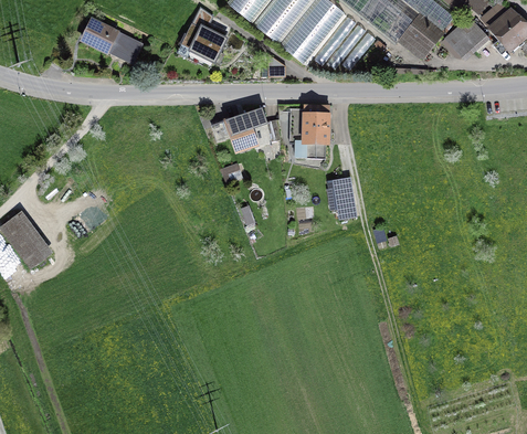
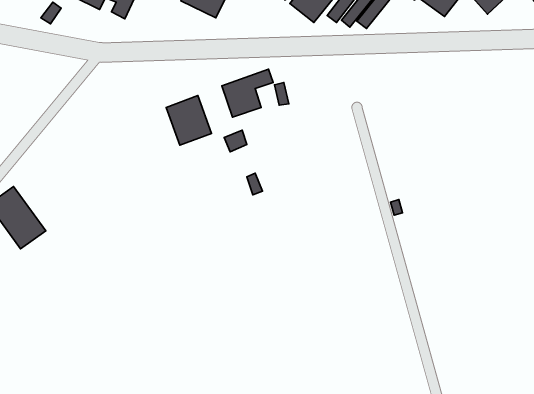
building: [294,106,325,152] -> none
building: none -> [166,96,212,145]
building: [328,183,355,219] -> none

